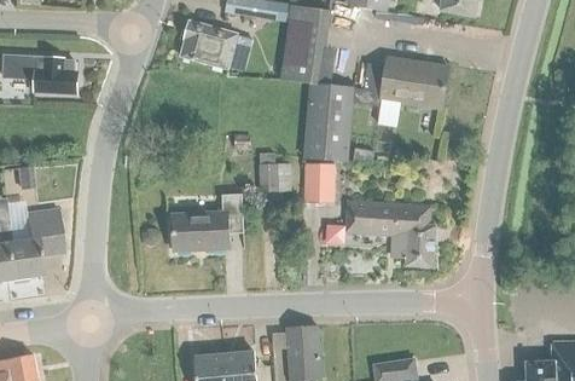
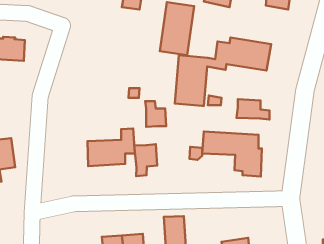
building: [180,21,250,68] -> none
building: none -> [237,99,270,120]
building: [304,163,335,194] -> none
building: none -> [134,144,157,176]

